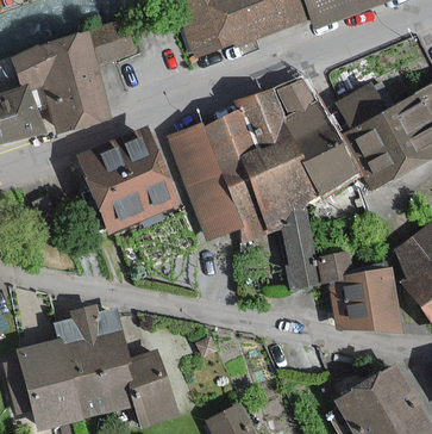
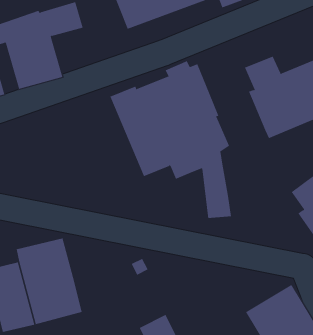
building: [278,83,361,197] -> none
building: [79,131,175,232] -> none
building: [317,254,400,330] -> none
building: [126,351,173,422] -> none

